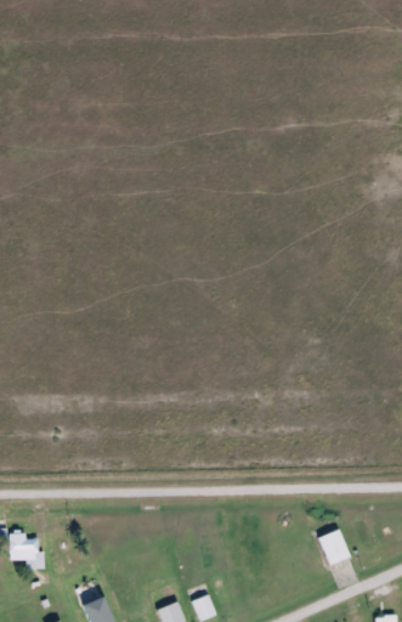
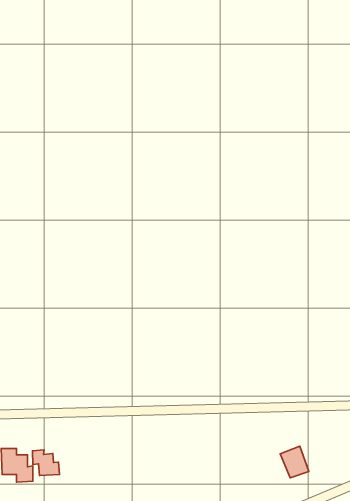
building: none -> [33,450,59,475]

